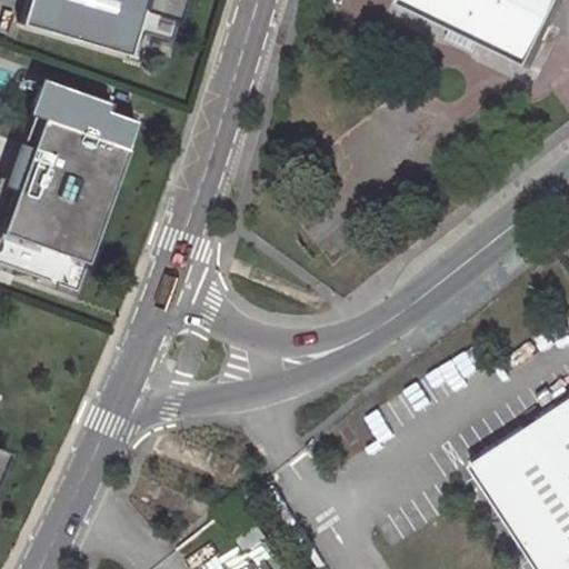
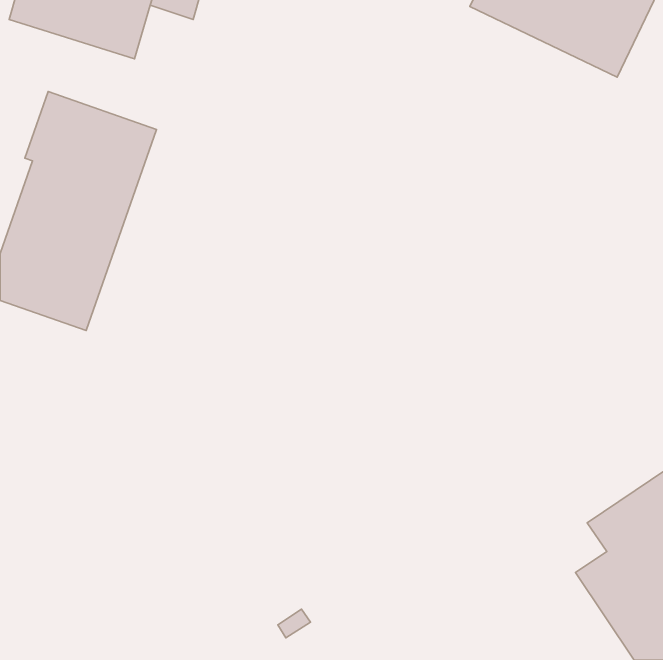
building: [477,445,520,487] -> none

